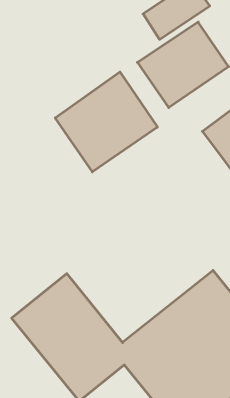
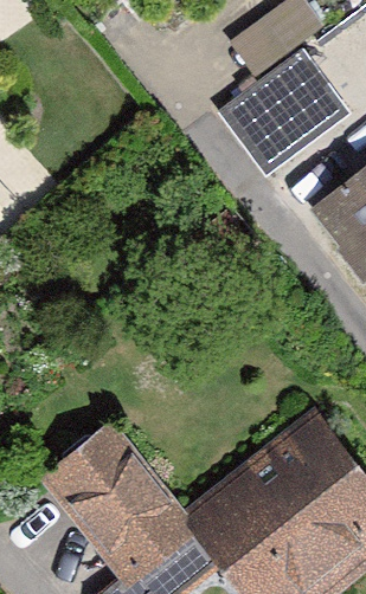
building: [55,72,157,172] -> none

